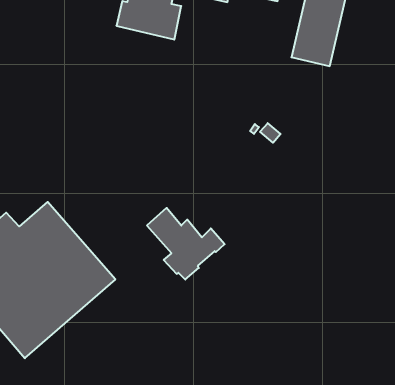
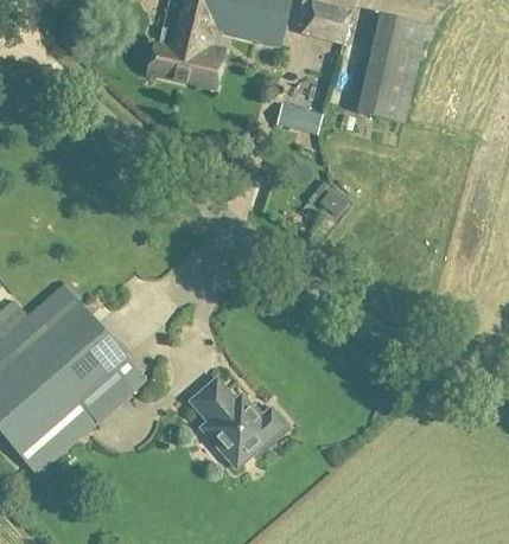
building: none -> [275,104,320,134]
building: [147,208,225,280] -> [192,379,286,466]

